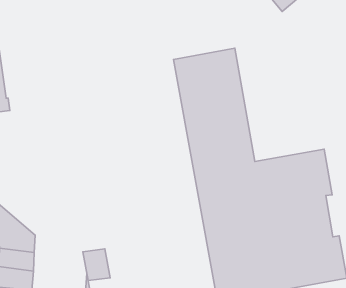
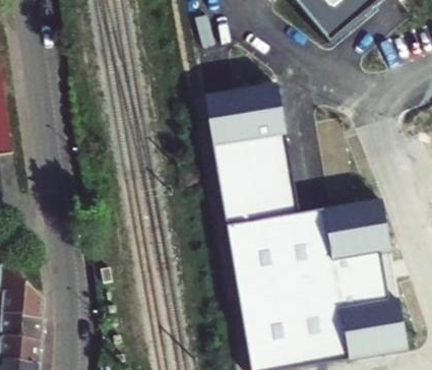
building: [83,249,110,281] -> none

